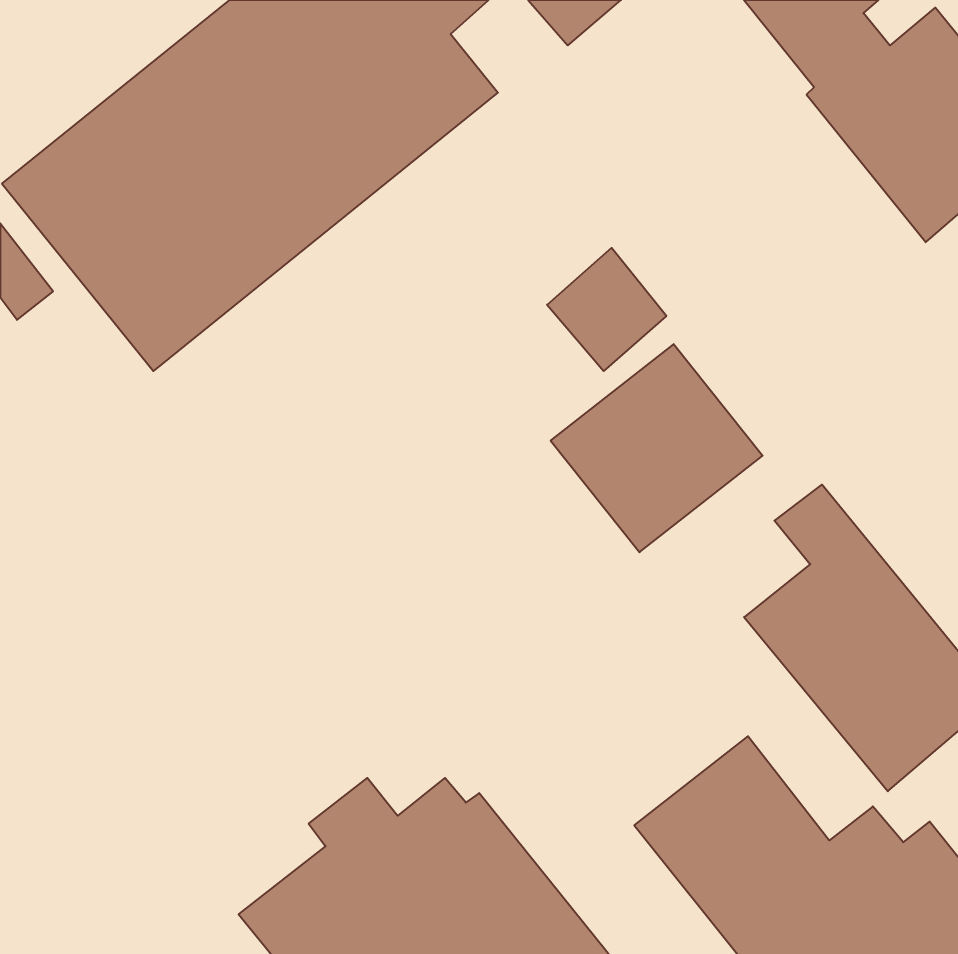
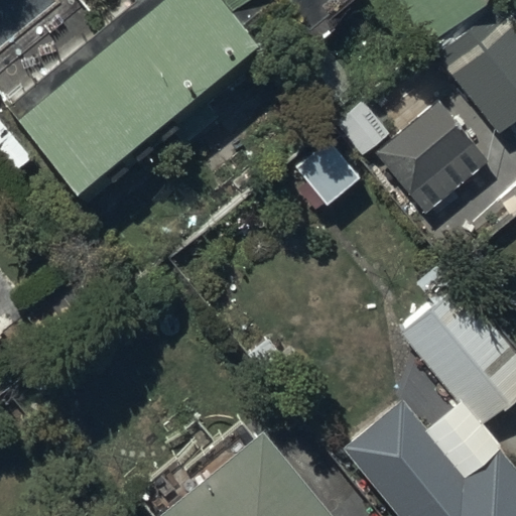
building: [551,344,763,552] -> [378,104,491,215]

